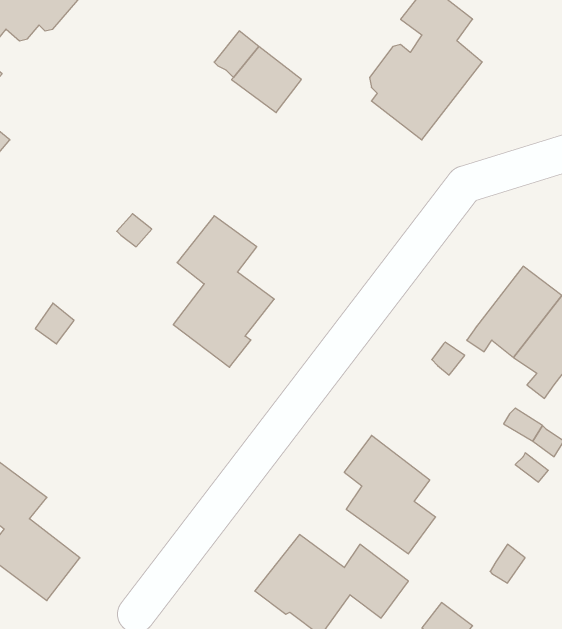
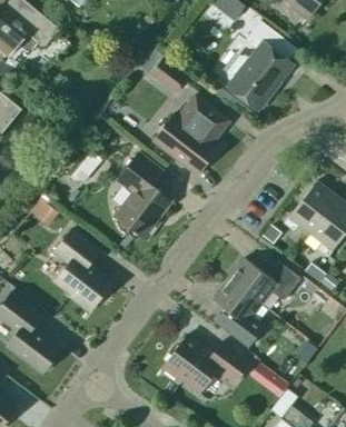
building: none -> [154,95,230,175]
building: none -> [55,229,113,311]
building: none -> [229,257,301,304]

